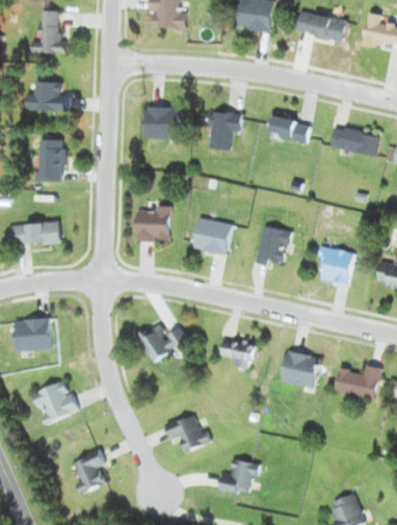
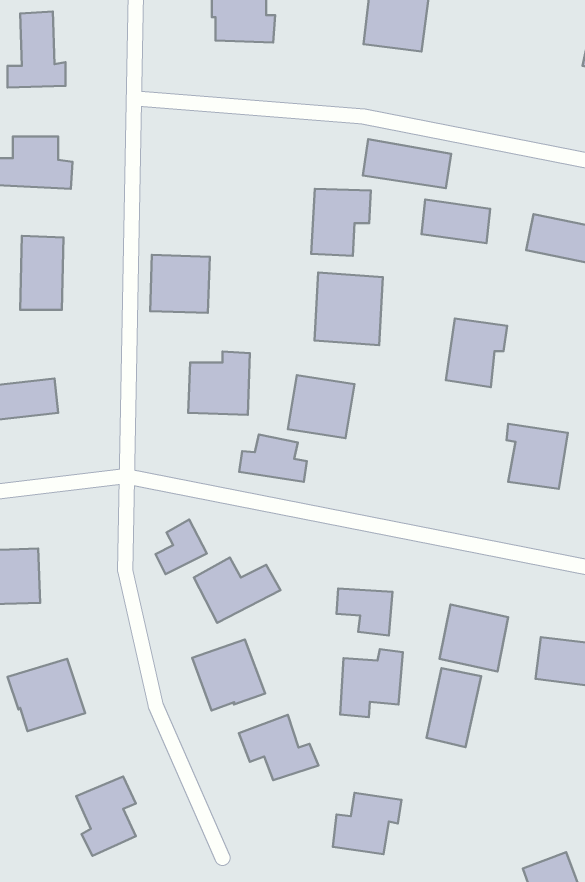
building: [295,11,346,40] -> [363,139,451,188]
building: [144,106,179,139] -> [150,255,210,313]
building: none -> [314,272,383,345]
building: [256,226,291,265] -> [446,319,507,387]
building: none -> [239,435,307,482]
building: none -> [156,520,207,574]
building: none -> [192,639,265,711]
building: none -> [340,649,403,717]
building: none -> [426,668,481,747]

